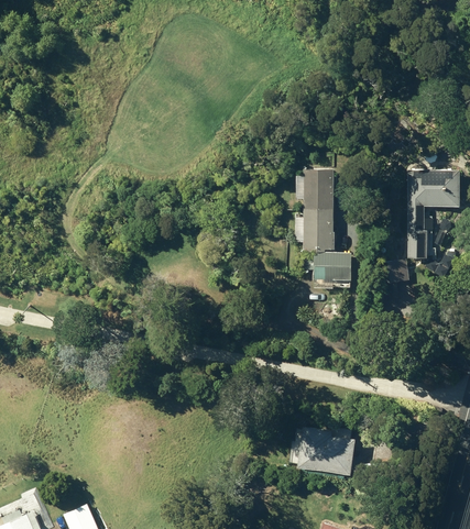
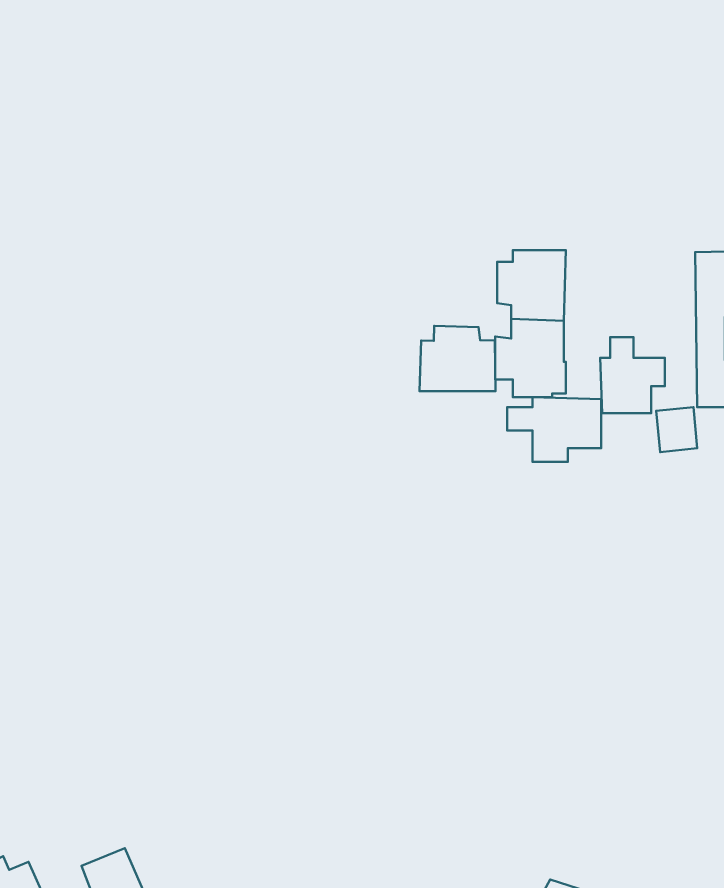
building: none -> [420,326,495,391]
building: none -> [600,337,665,413]
building: [300,427,358,475] -> none

